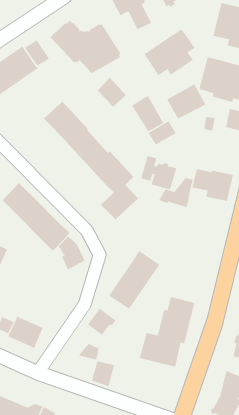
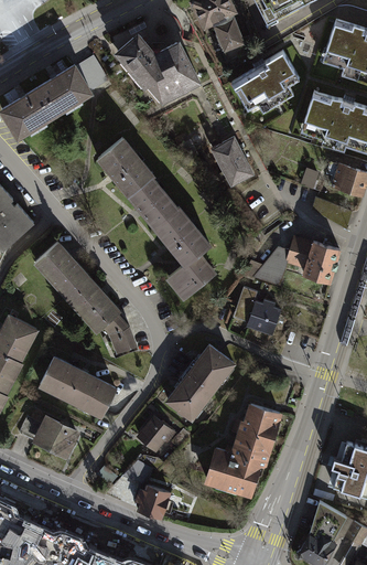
building: [97,77,126,108] -> none
building: [167,83,206,119] -> none
building: [148,121,177,145] -> none
building: [140,155,177,190] -> [231,288,280,335]
building: none -> [40,358,118,418]

